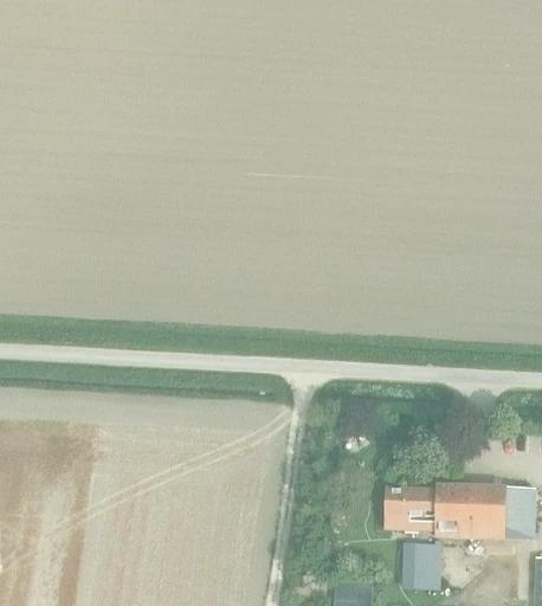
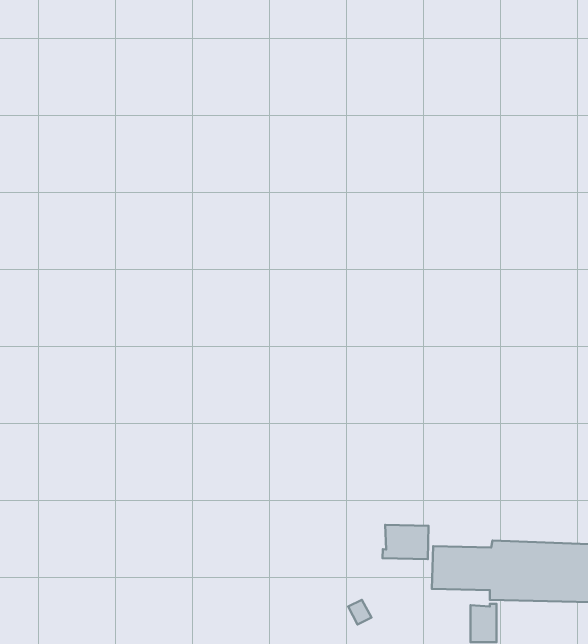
building: none -> [383,525,429,559]

